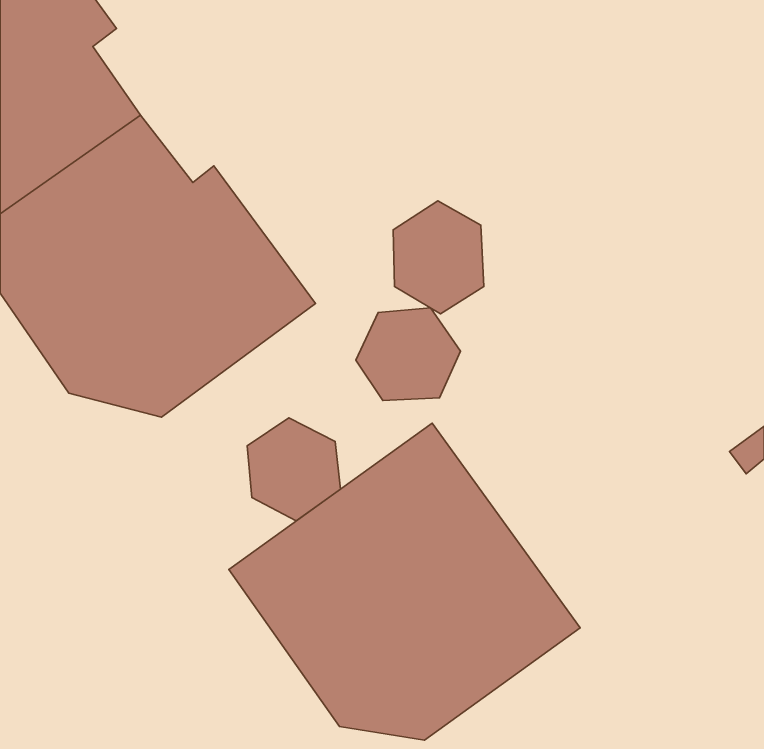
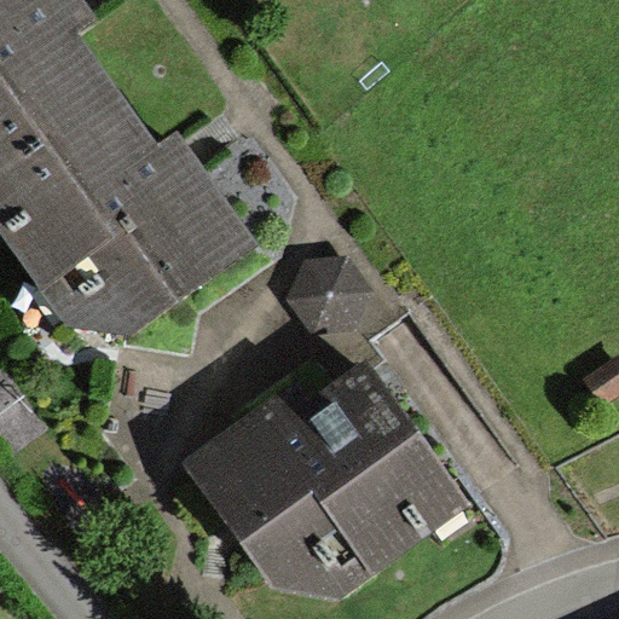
building: [393,201,484,314] -> none
building: [247,418,340,521] -> none

